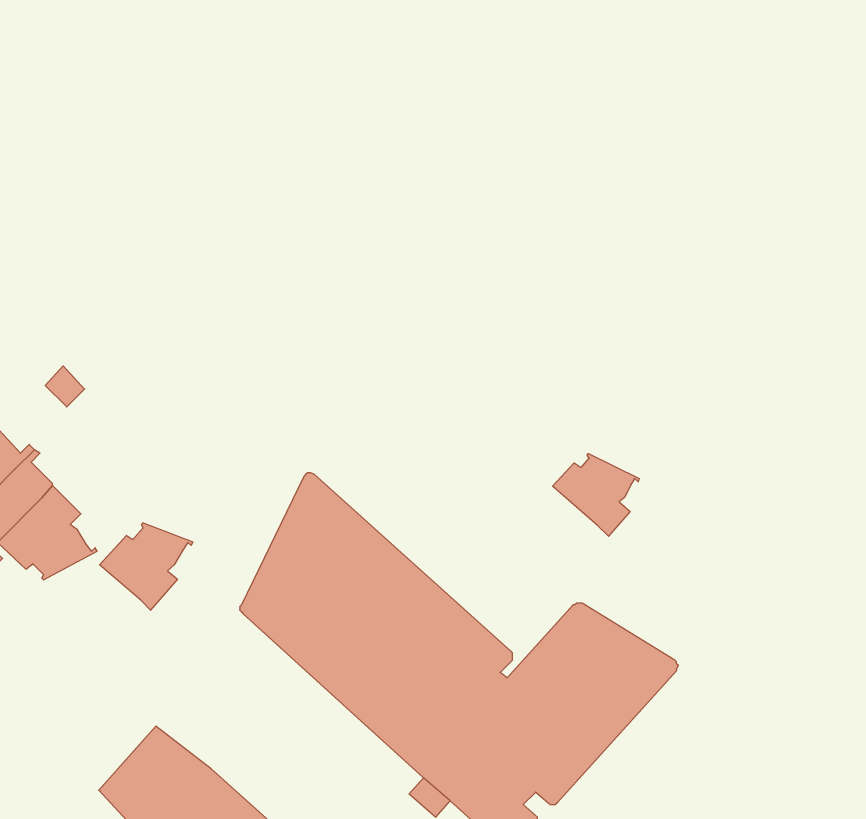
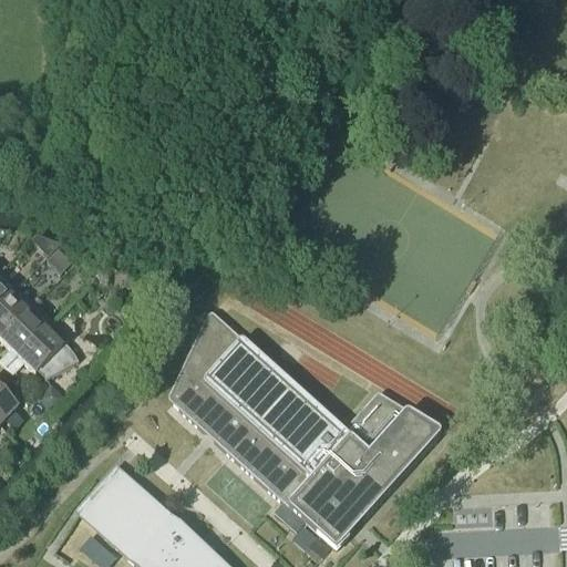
building: [553,454,639,536] -> none
building: [100,523,193,610] -> none

